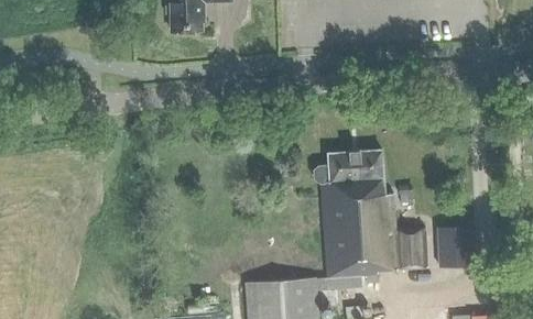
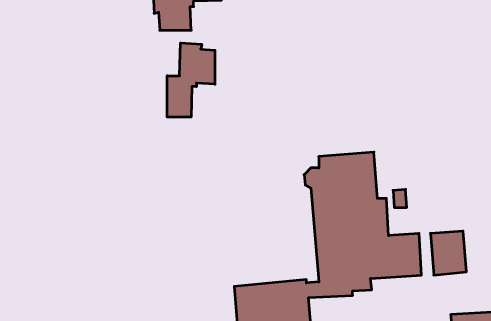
building: none -> [167,43,215,117]

